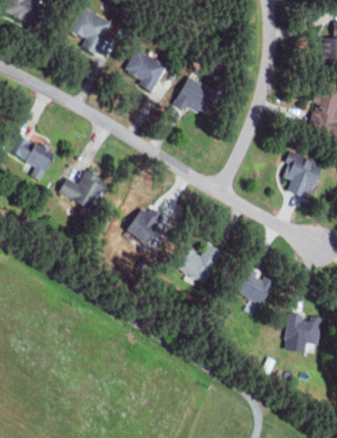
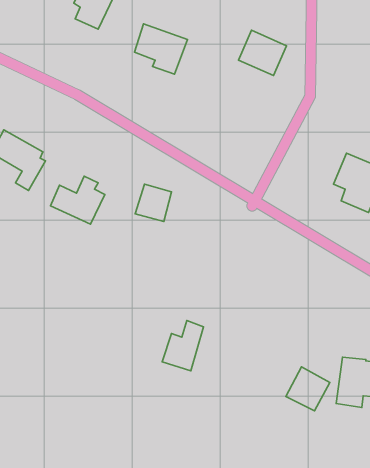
building: [178,78,216,114] -> [239,30,286,76]
building: [136,212,165,241] -> [135,184,172,222]
building: [185,243,218,283] -> [162,321,204,371]
building: [239,271,274,306] -> [286,367,330,411]

